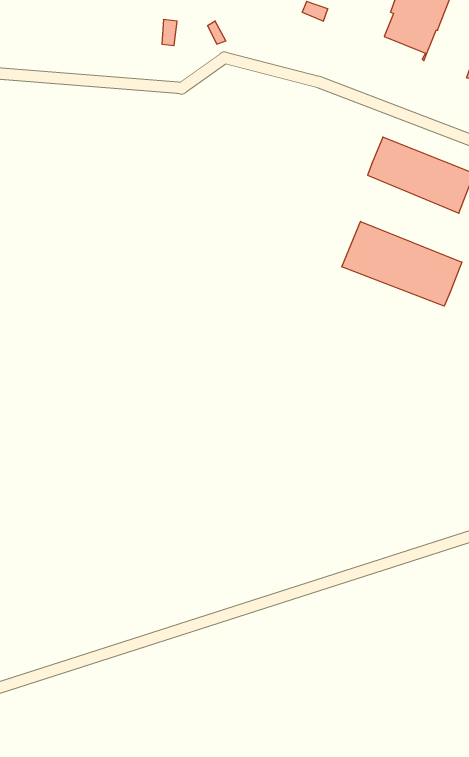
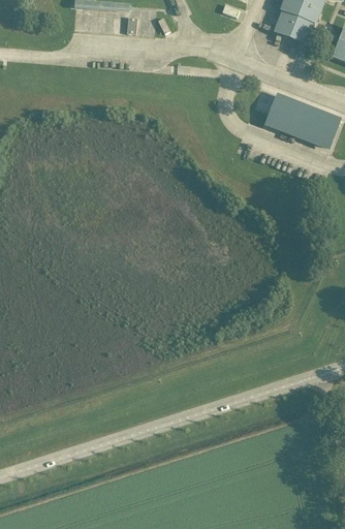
building: [342,221,462,306] -> none

